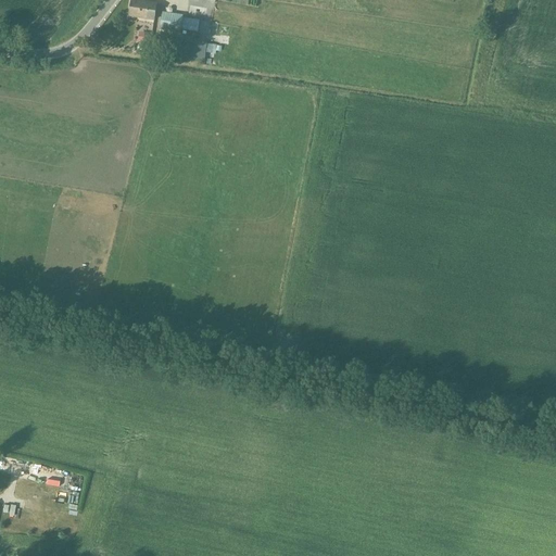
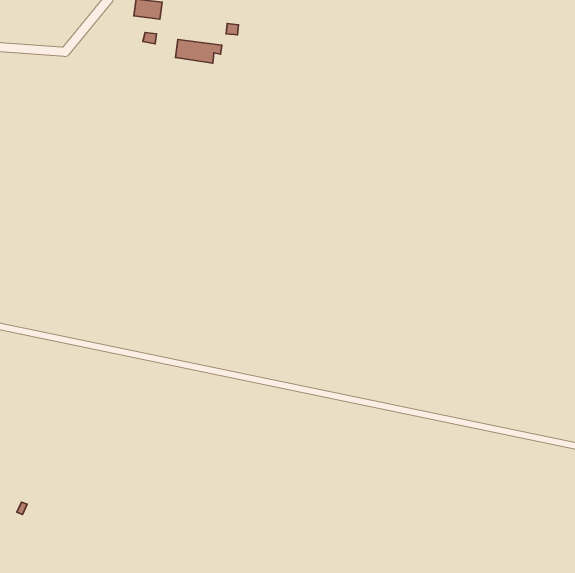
building: [160,11,200,31] -> none

